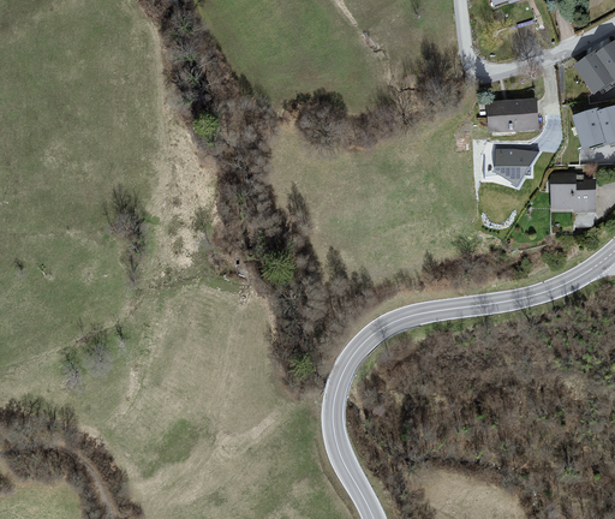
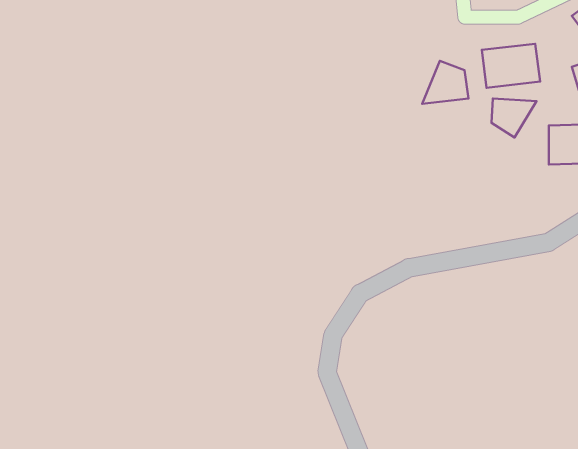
building: none -> [422,61,468,104]

